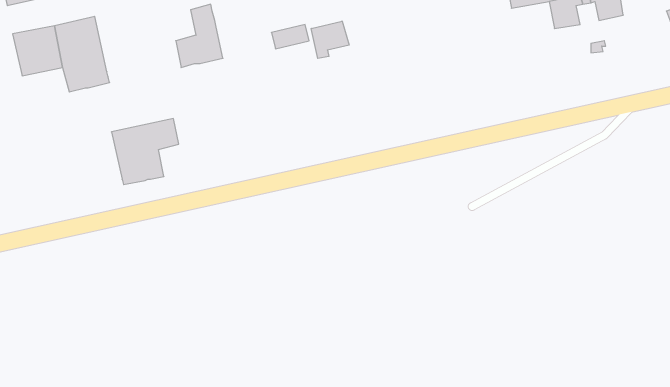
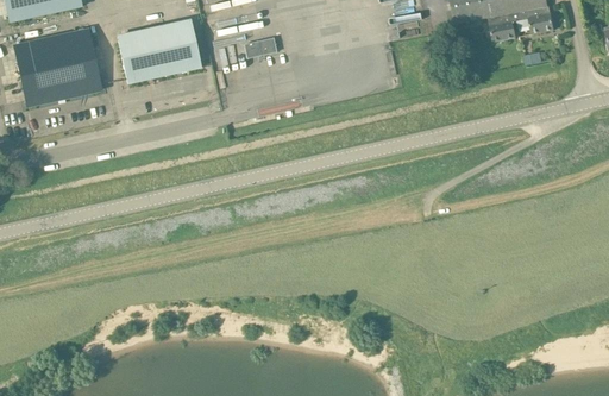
building: [311,21,349,58] -> none
building: none -> [23,74,64,103]
building: [111,119,179,185] -> [117,23,176,81]

